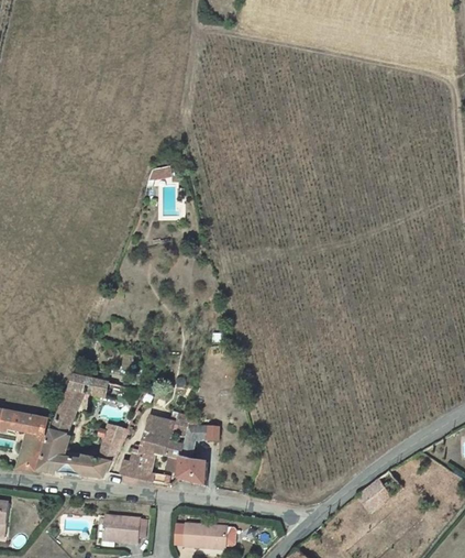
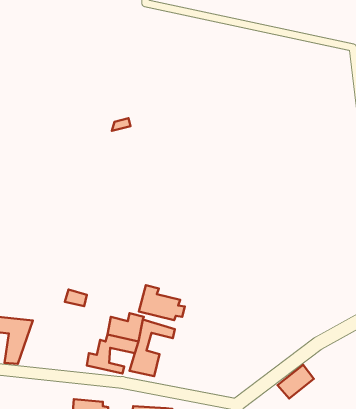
building: [41,371,128,479] -> none
building: none -> [139,285,185,320]

